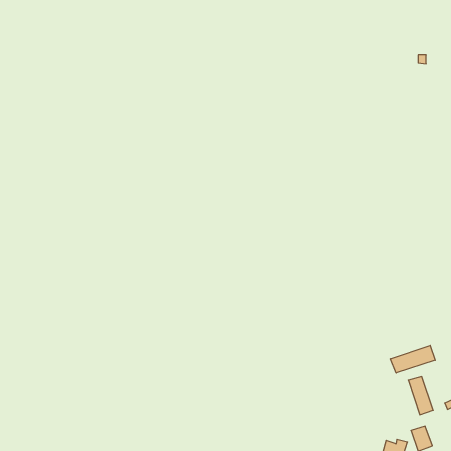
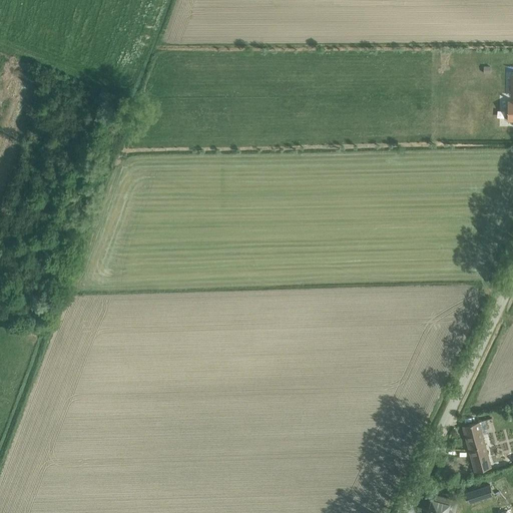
building: [391,345,435,373] -> none

